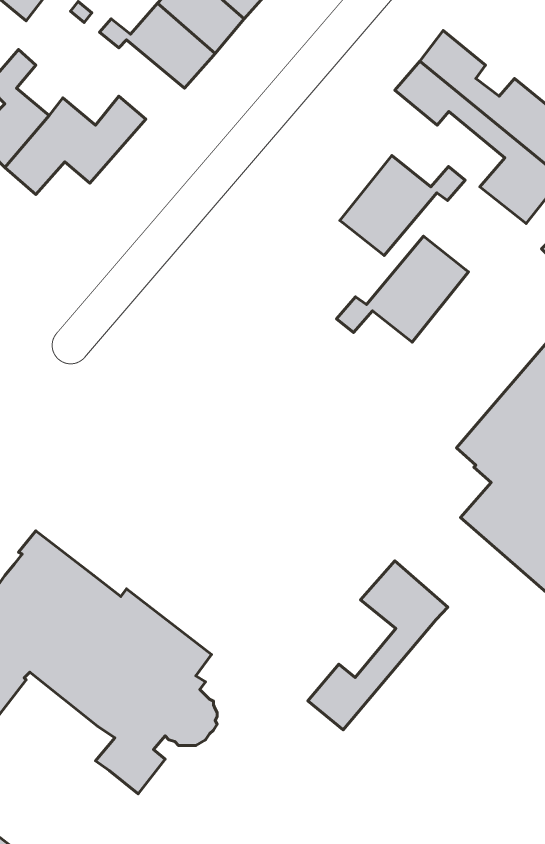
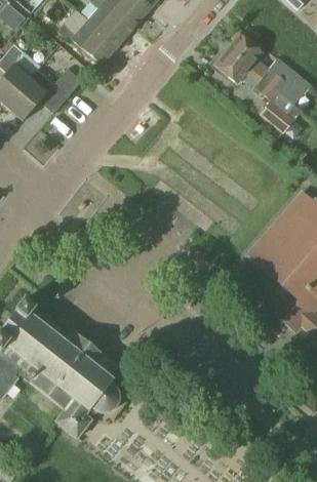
building: [340,156,465,256] -> none
building: [336,236,469,342] -> none
building: [308,561,448,730] -> none

